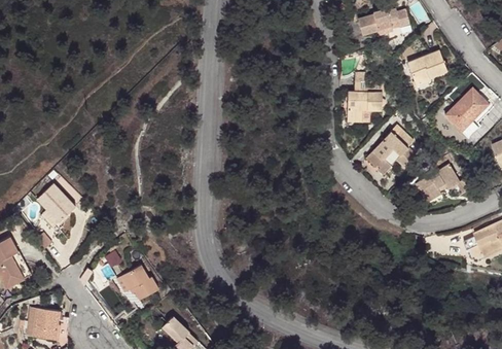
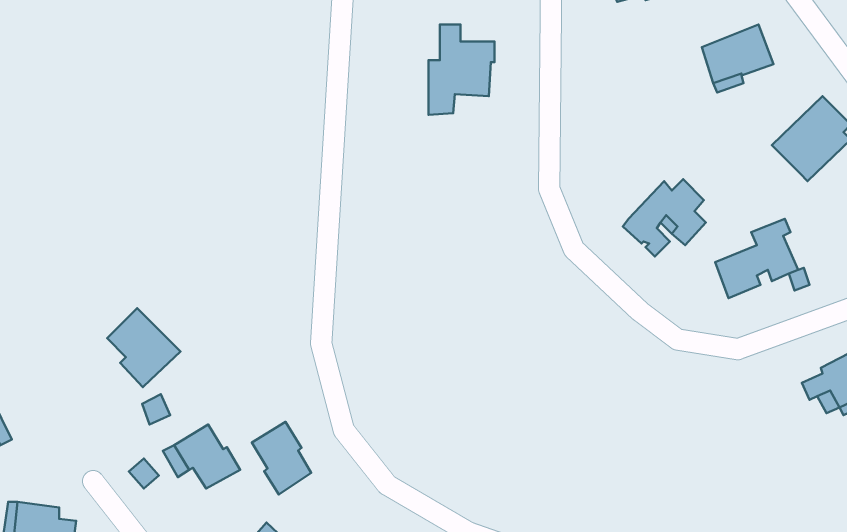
building: [346,71,382,120] -> [429,24,495,115]
building: [35,185,75,229] -> [107,308,181,387]
building: none -> [252,422,311,495]

